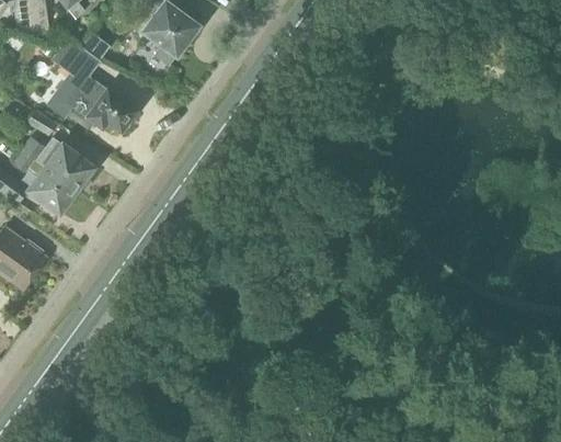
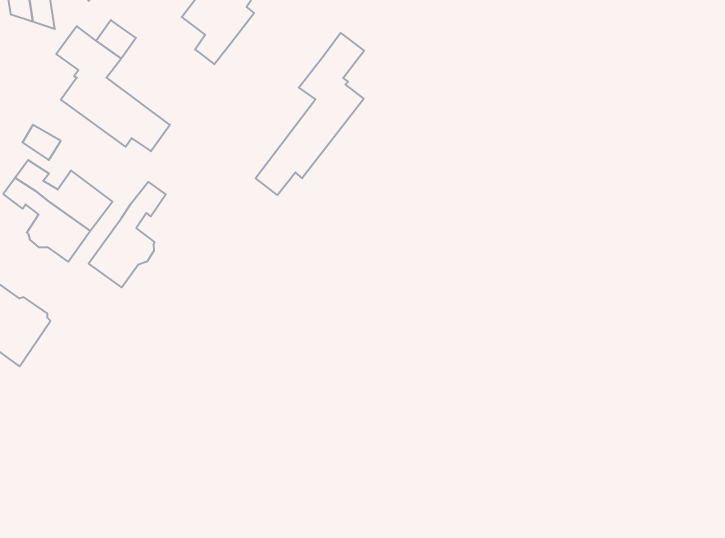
building: none -> [256,33,364,195]
building: none -> [89,182,166,287]

